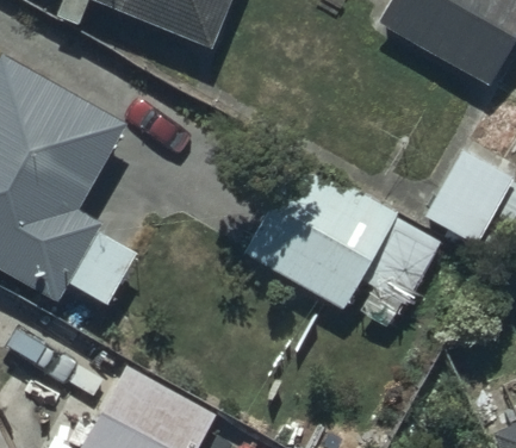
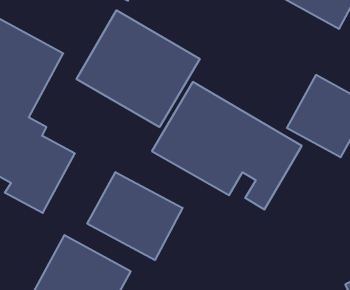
building: none -> [77,10,200,127]
building: none -> [87,172,183,260]

